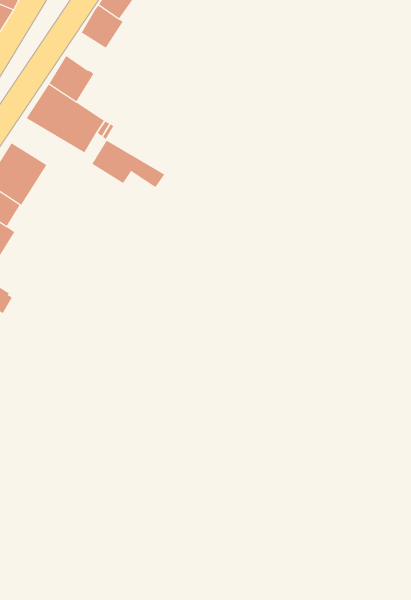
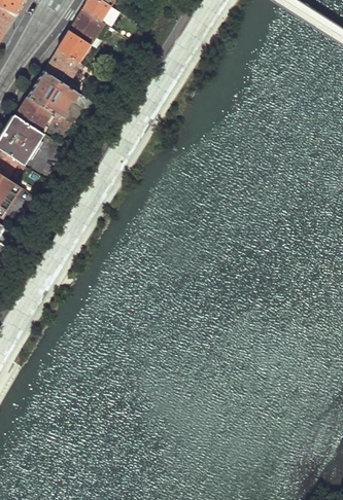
building: none -> [57,32,88,61]
building: [91,140,165,188] -> [14,98,71,135]

